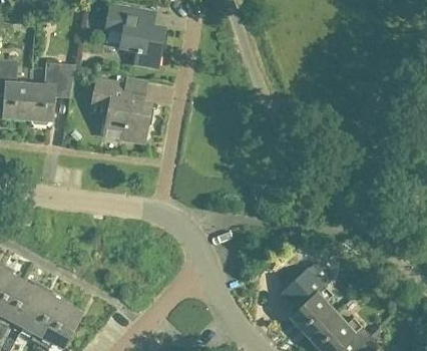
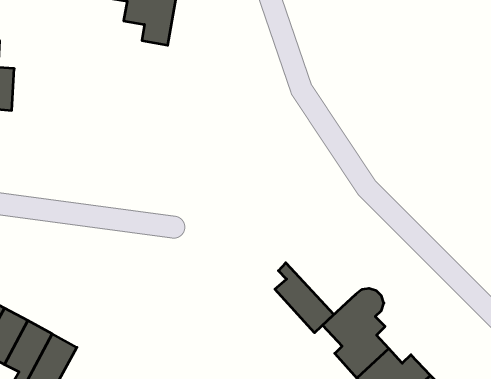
building: [28,63,75,123] -> none
building: [91,75,149,140] -> none
building: none -> [275,263,334,333]

